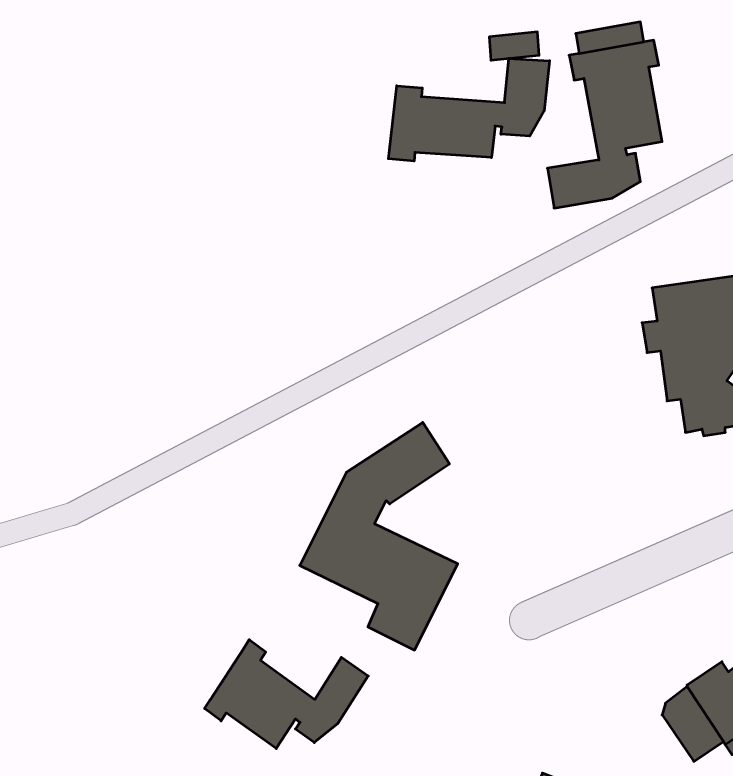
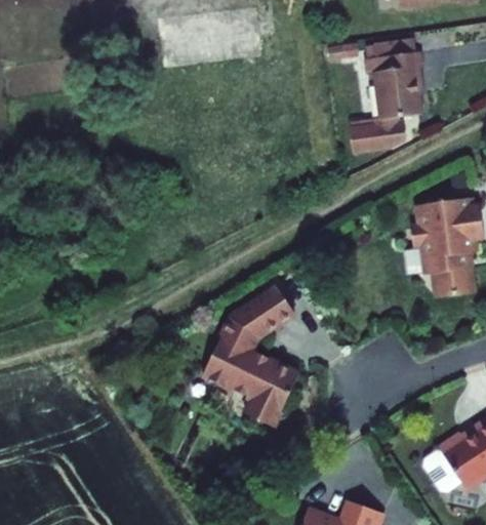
building: [388,58,550,161] -> none
building: [205,640,368,749] -> none

